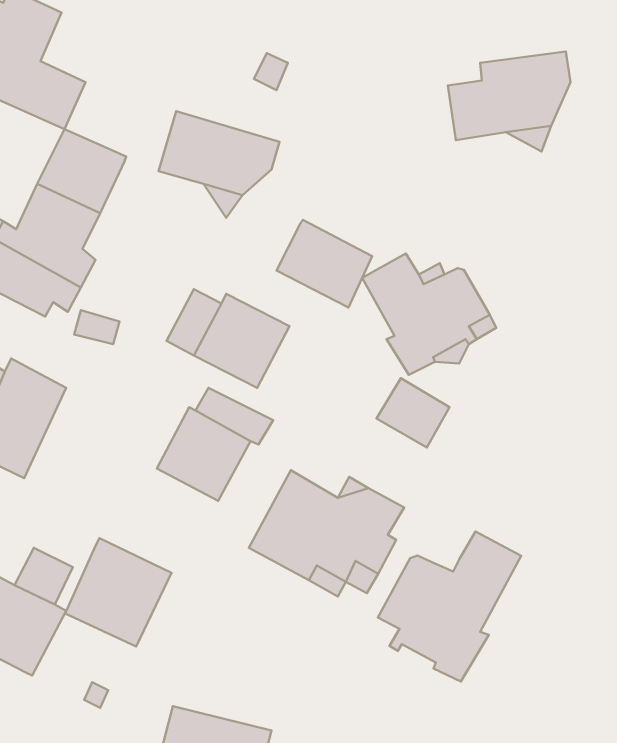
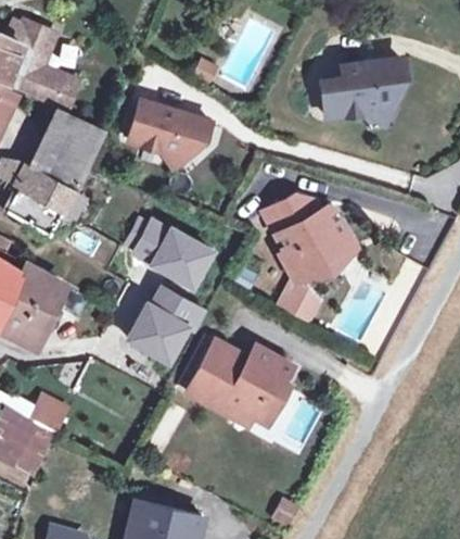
building: [277,220,372,307] -> none
building: [378,531,521,681] -> none
building: [65,538,171,647] -> none

